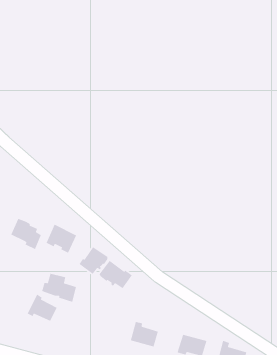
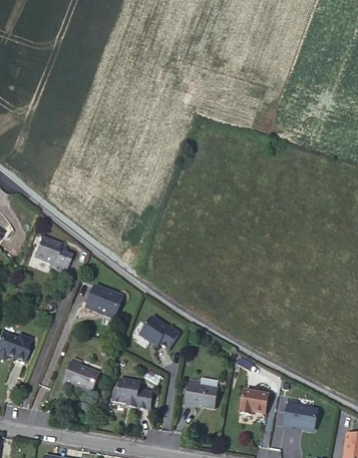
building: [10,218,42,250] -> [34,240,70,275]
building: [78,246,108,275] -> none
building: [41,273,77,303] -> [108,380,148,412]

